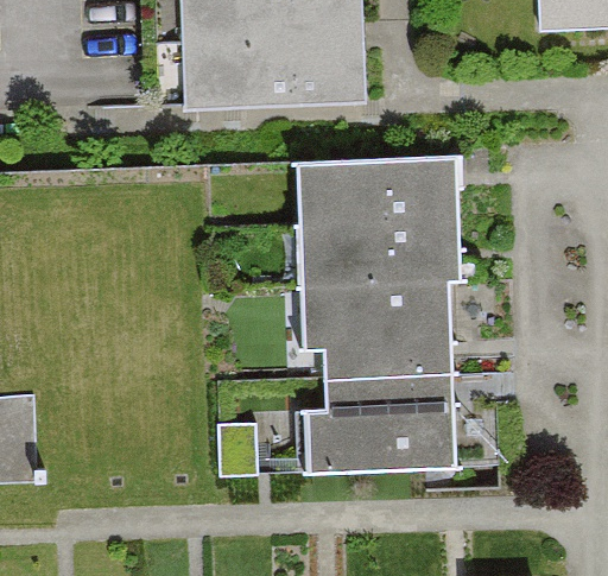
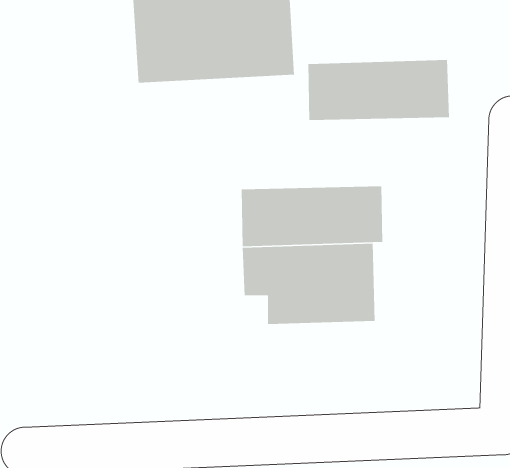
building: [299,160,458,229] -> [307,59,450,121]
building: [304,378,454,469] -> none

